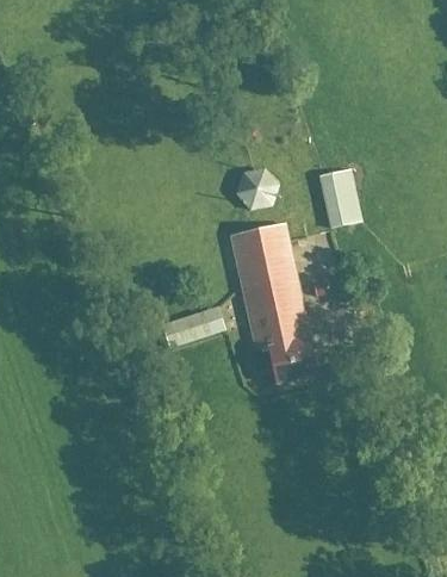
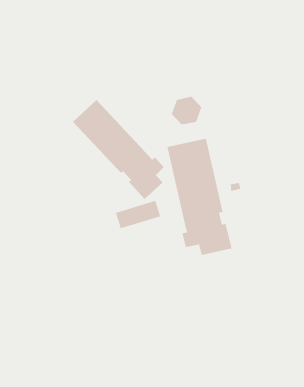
building: [319,167,362,227] -> none
building: none -> [72,99,165,200]

